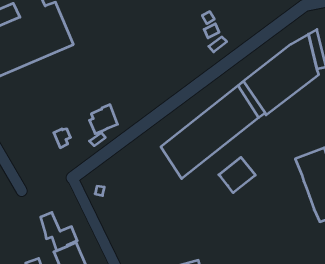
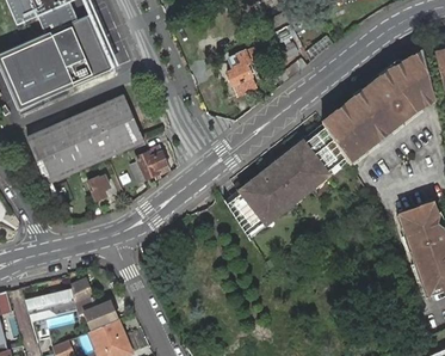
building: none -> [227,47,259,94]
building: none -> [27,96,144,182]
building: [219,157,255,193] -> none
building: none -> [25,287,78,314]

